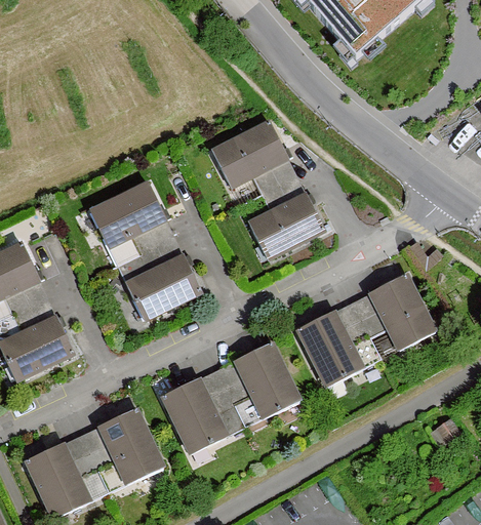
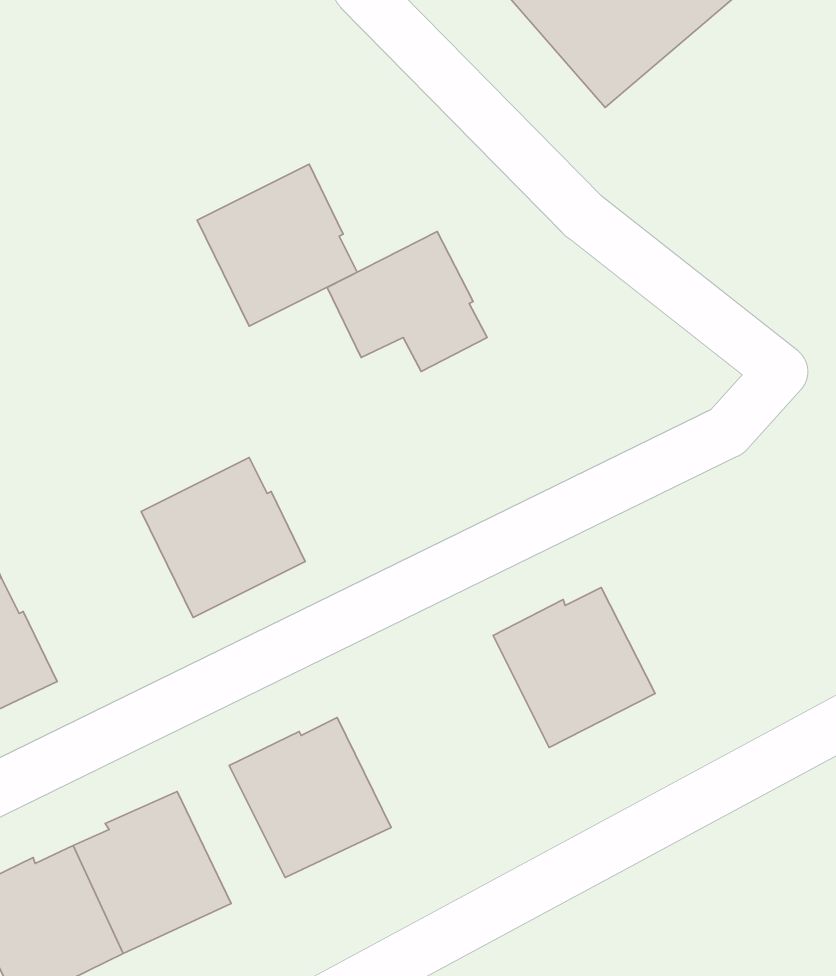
building: [248,175,324,257] -> none
building: [90,181,172,265] -> [197,164,357,326]
building: [353,274,435,358] -> none
building: [217,341,299,427] -> none

